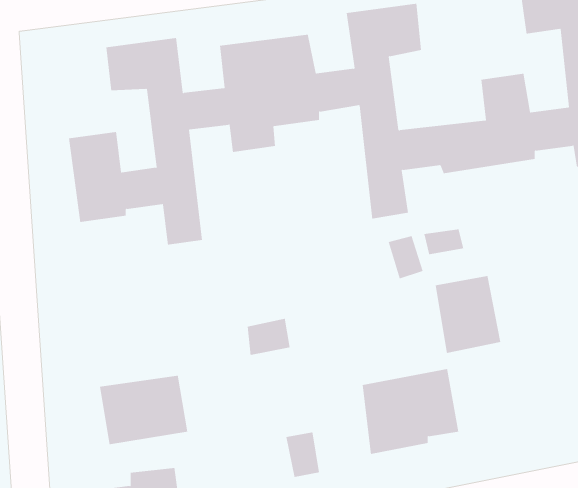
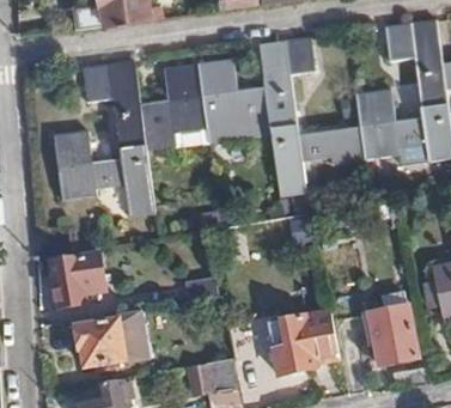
building: [435,276,501,353] -> [370,305,419,363]
building: none -> [51,251,105,306]

